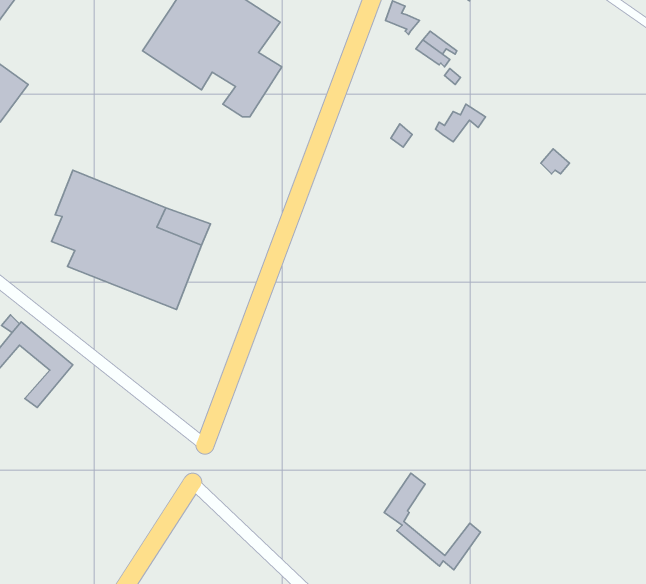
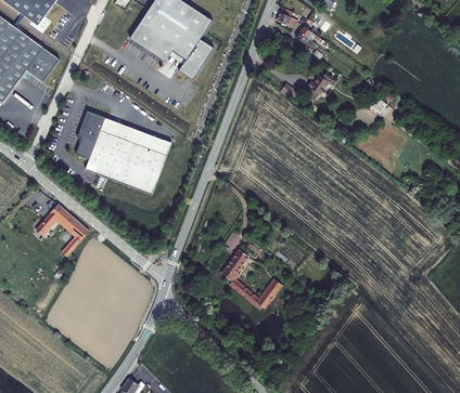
building: [384,473,481,570] -> [222,249,281,307]

